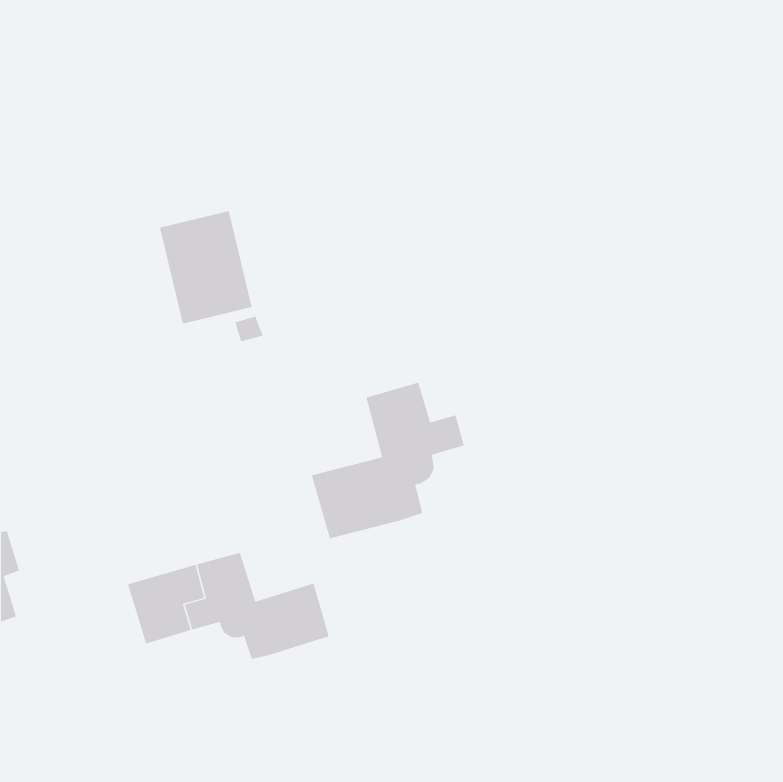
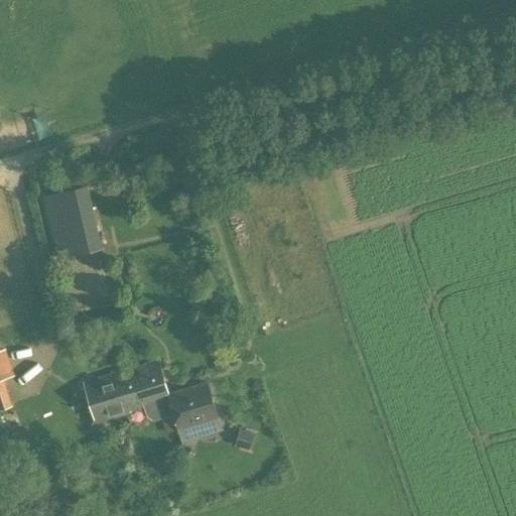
building: [159,211,253,324] -> [40,183,102,258]
building: [311,382,465,539] -> none

